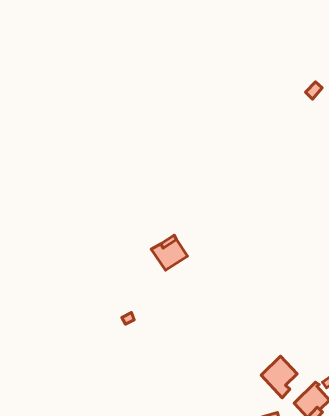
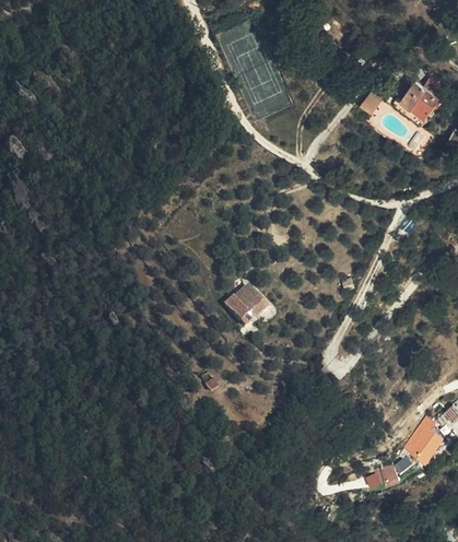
building: [261,356,297,398] -> none

